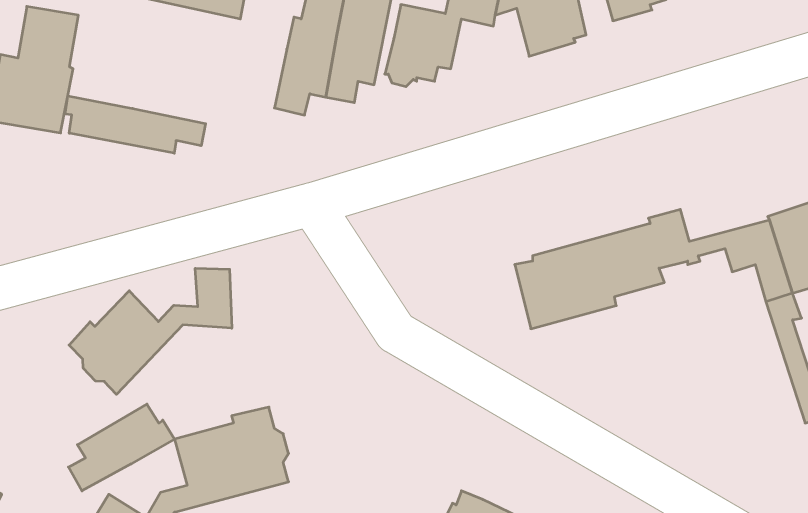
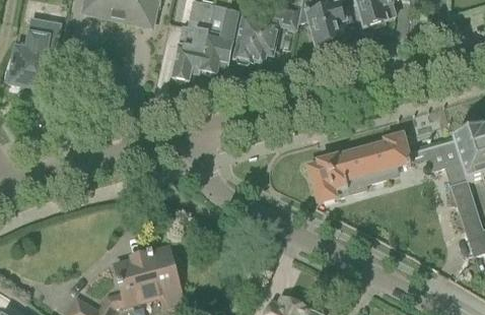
building: [65,96,206,153] -> none
building: [69,268,232,394] -> none
building: [68,404,175,491] -> none

